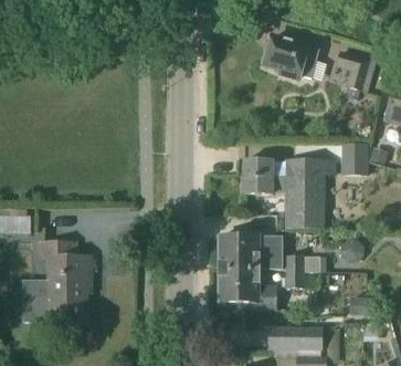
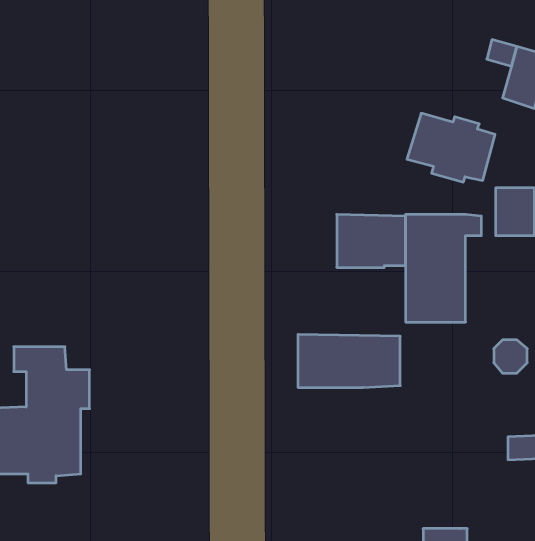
building: [264,34,319,77] -> [407,113,495,182]
building: [286,254,320,286] -> none
building: [219,268,275,309] -> none
building: [268,327,320,347] -> none

